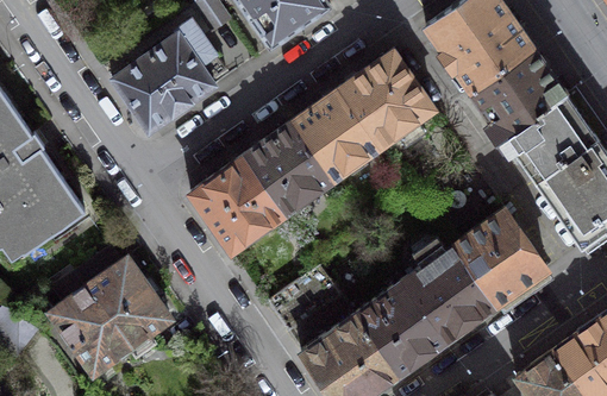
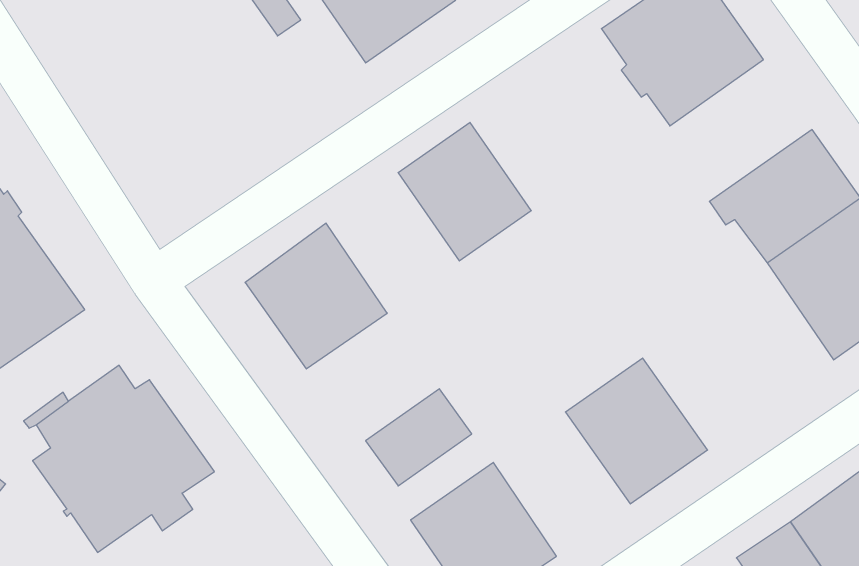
building: [108,23,225,143] -> none
building: [471,48,565,142] -> none
building: [339,51,434,147] -> none
building: [244,122,332,215] -> none
building: [453,209,546,306] -> none
building: [355,281,445,376] -> none

